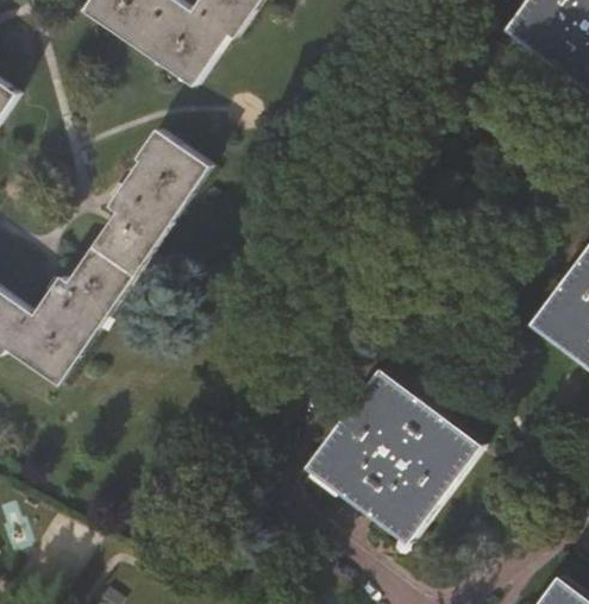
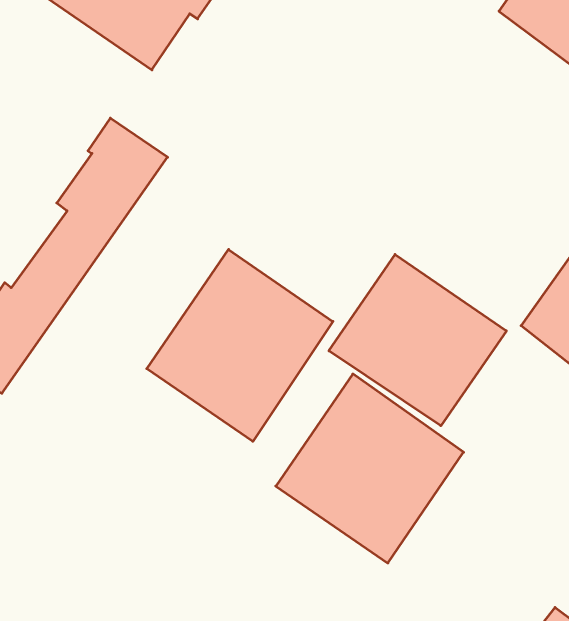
building: none -> [147,249,333,441]
building: none -> [329,254,506,426]

